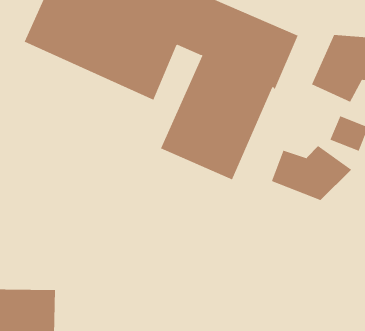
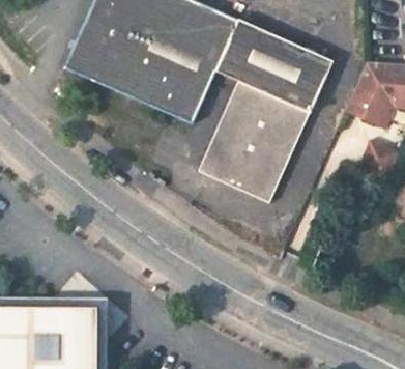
building: [271,145,352,201] -> none

